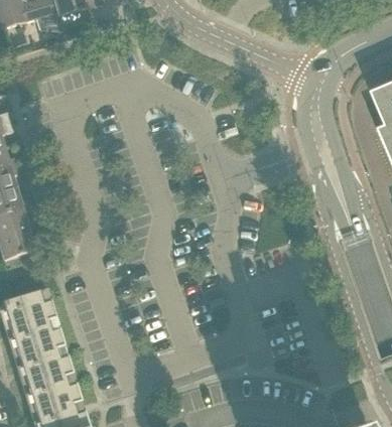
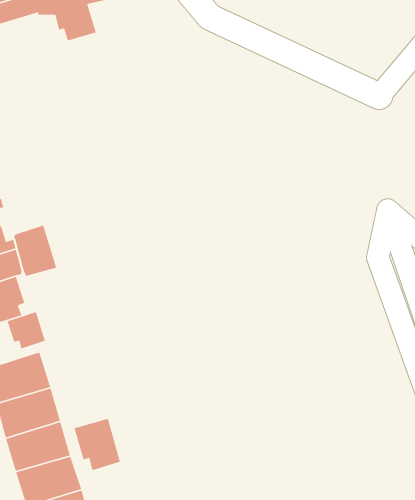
building: none -> [13,225,57,277]
building: none -> [7,311,46,350]
building: none -> [73,418,121,471]

